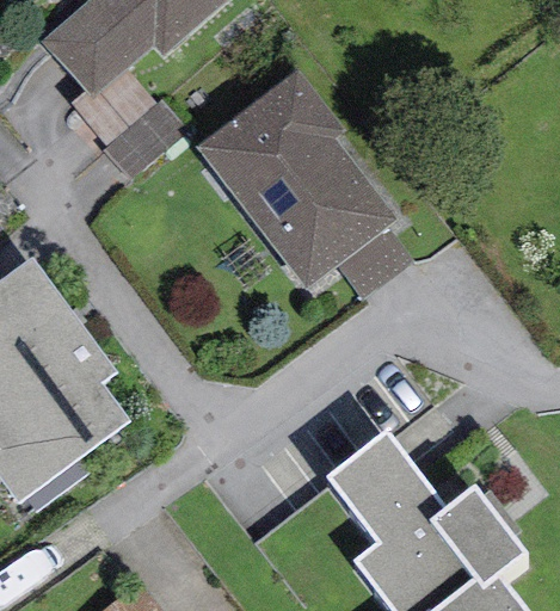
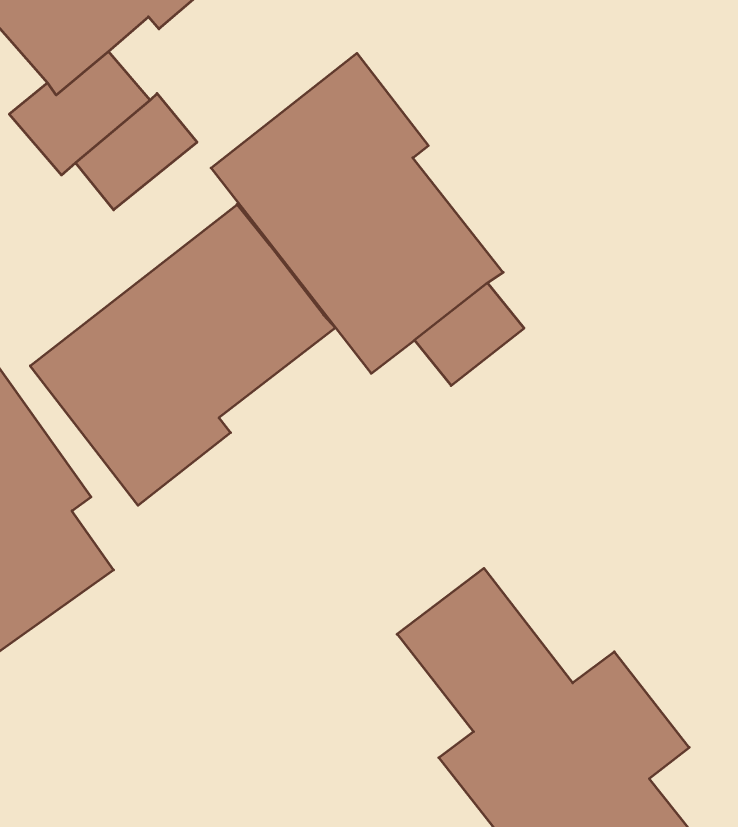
building: none -> [30,204,336,505]

